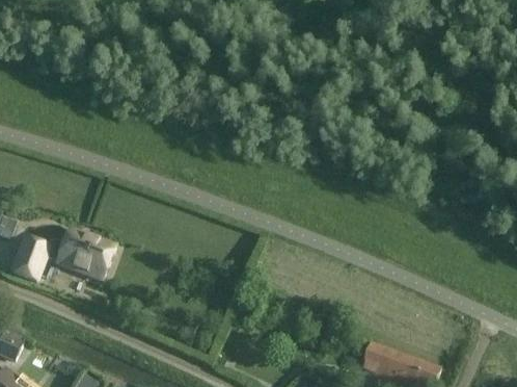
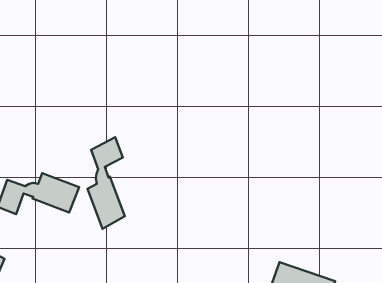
building: none -> [87,137,125,229]

